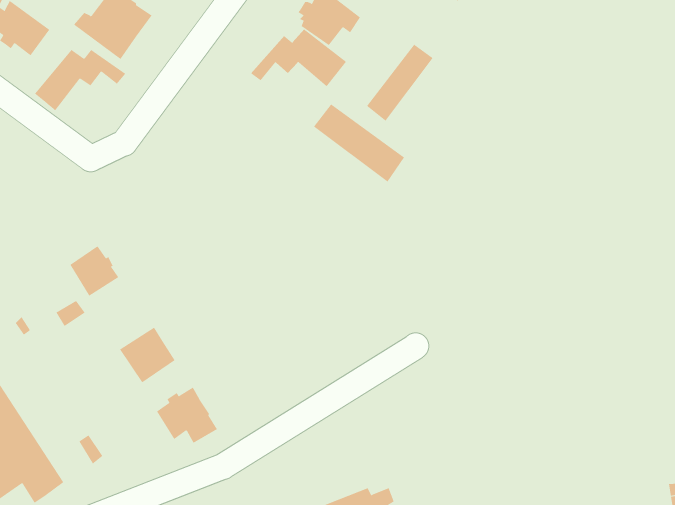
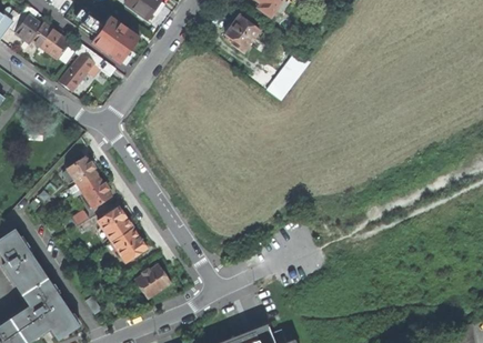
building: [250,28,347,87] -> none
building: [313,103,405,182] -> none
building: none -> [63,150,98,189]
building: none -> [97,206,133,242]

